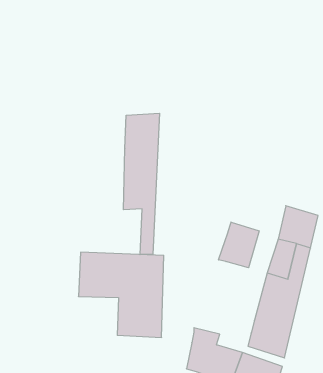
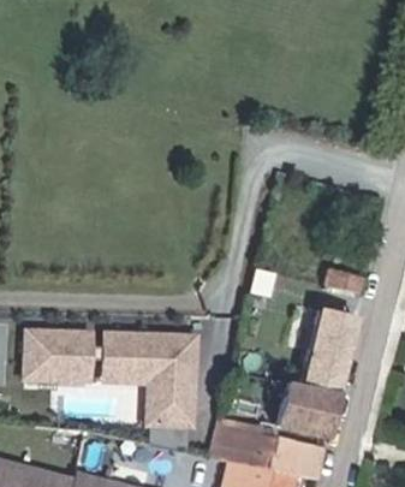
building: [123,113,160,255] -> none
building: [219,222,259,268] -> none
building: none -> [19,326,87,385]

